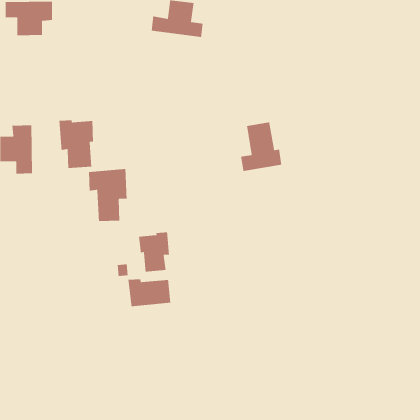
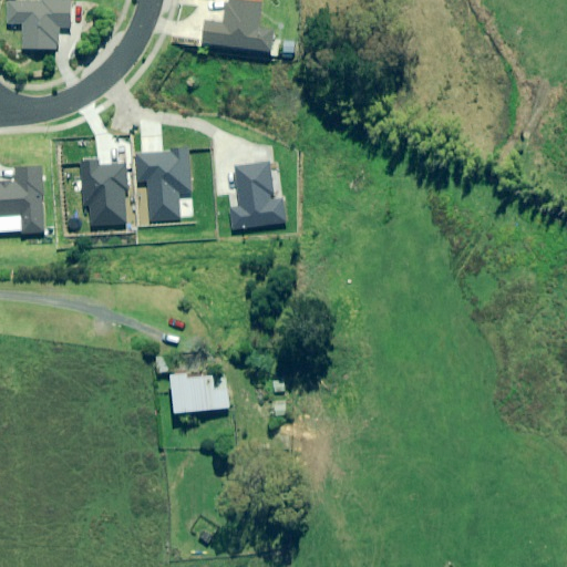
building: [240,121,282,172] -> [227,162,284,229]
building: [88,168,128,222] -> [135,148,188,220]
building: [138,231,170,272] -> none

